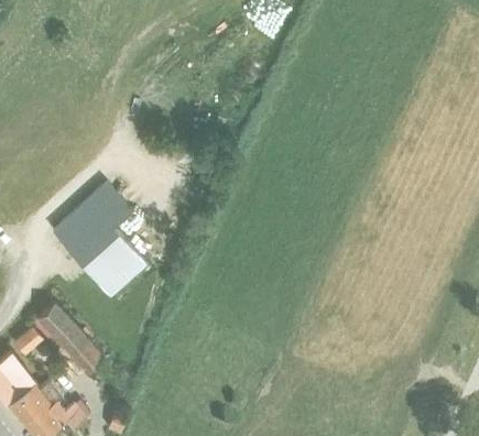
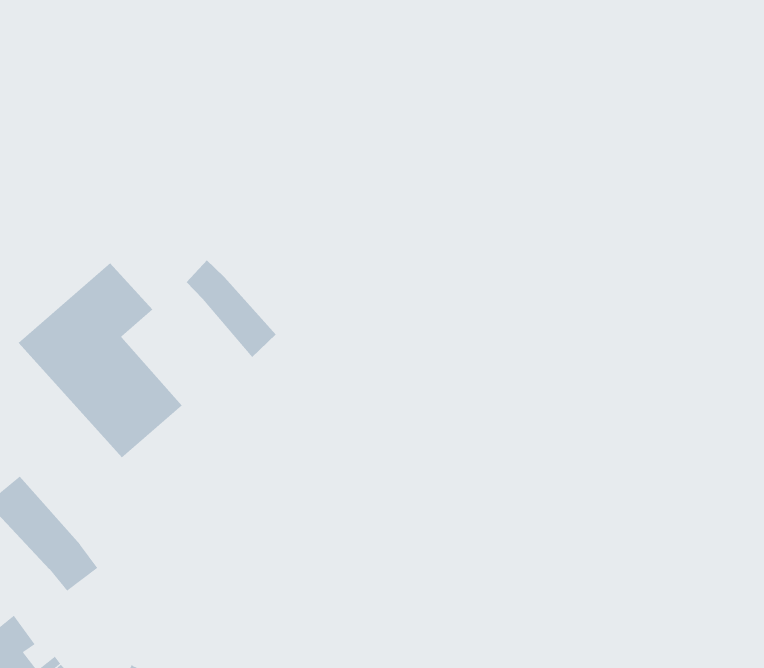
building: none -> [186,260,277,358]

